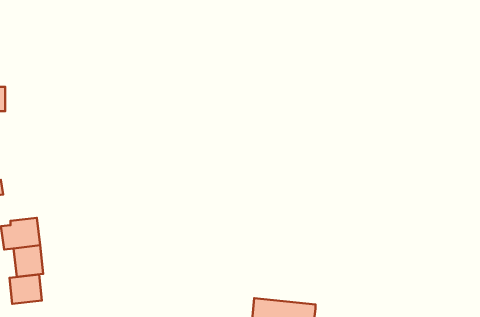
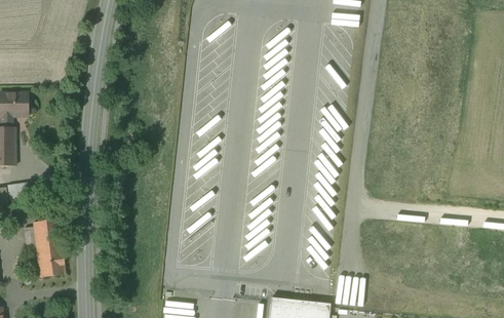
building: [9,274,42,304] -> none

